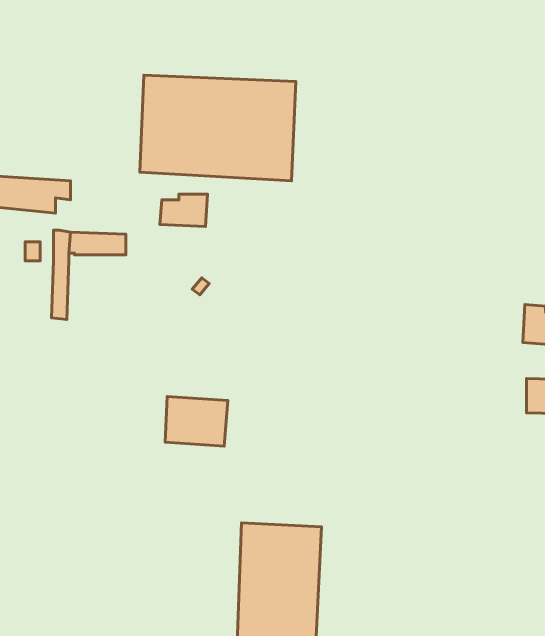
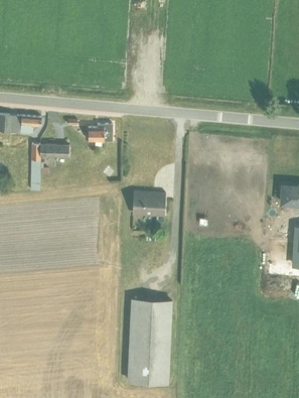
building: [140,75,296,181] -> none
building: [165,397,228,446] -> [133,190,166,217]

